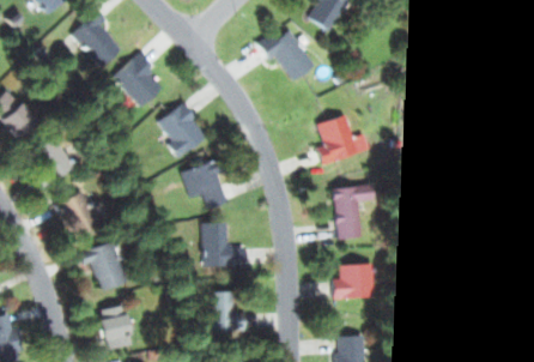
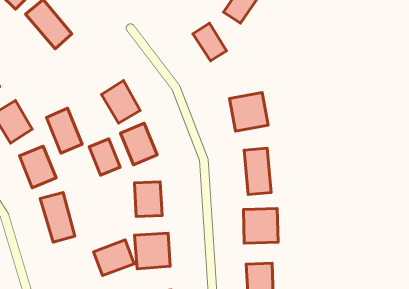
building: [116,56,166,108] -> none
building: none -> [46,108,82,153]
building: none -> [89,139,120,175]
building: [101,304,150,348] -> [93,240,134,276]

